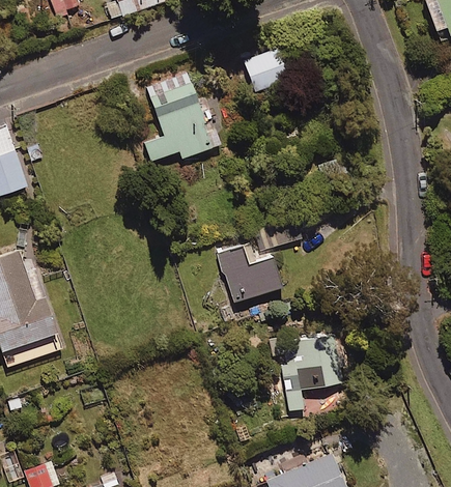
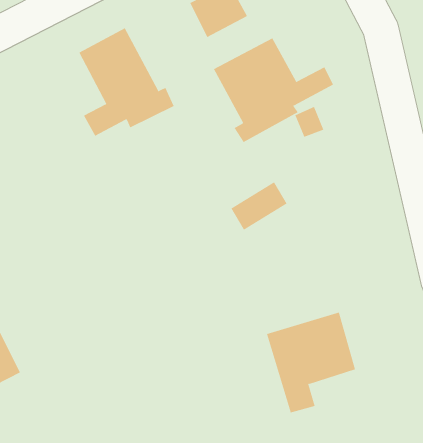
building: none -> [213,37,334,143]
building: [217,244,282,306] -> none

